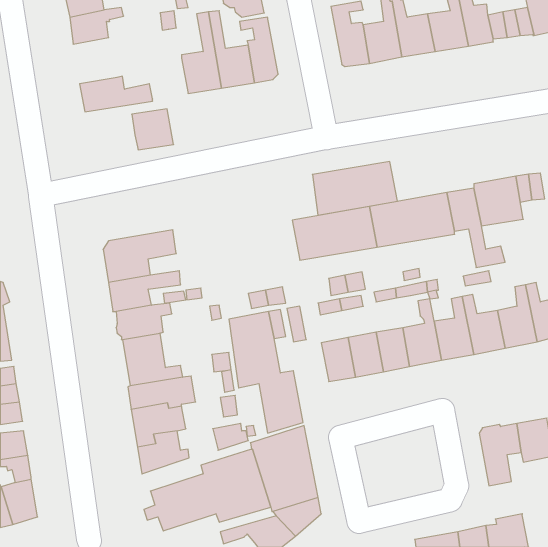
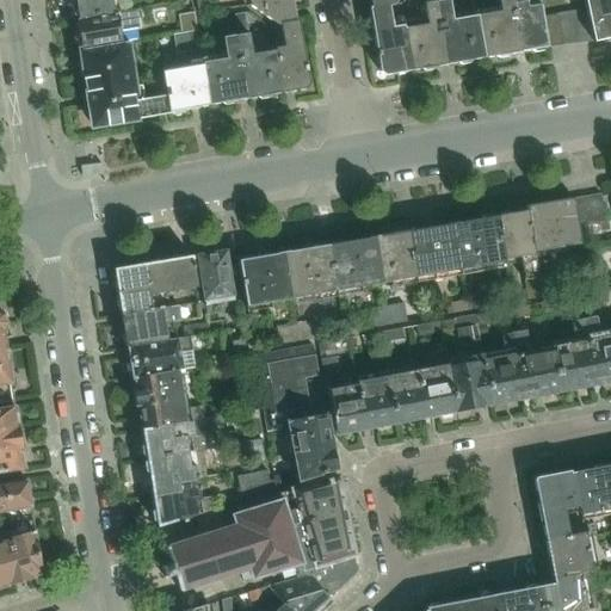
building: none -> [82,41,134,93]
building: [132,109,174,150] -> [163,64,210,110]
building: [312,162,397,215] -> [240,245,334,304]
building: none -> [198,249,235,303]
building: none -> [328,381,366,430]
building: none -> [544,520,597,576]

